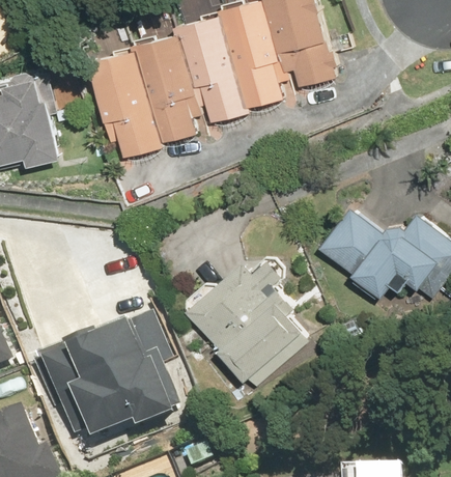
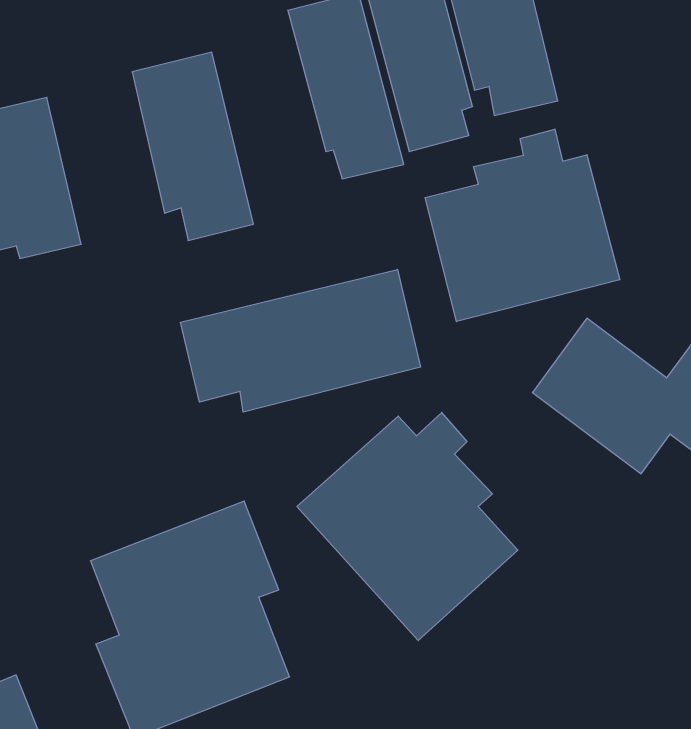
building: [136,34,198,142] -> none
building: none -> [425,129,620,322]
building: none -> [181,269,420,412]

